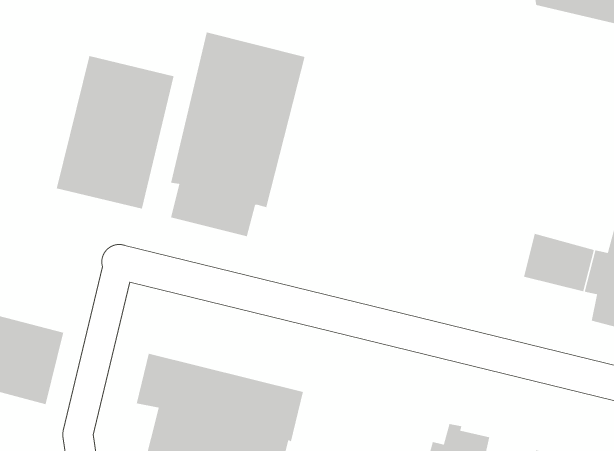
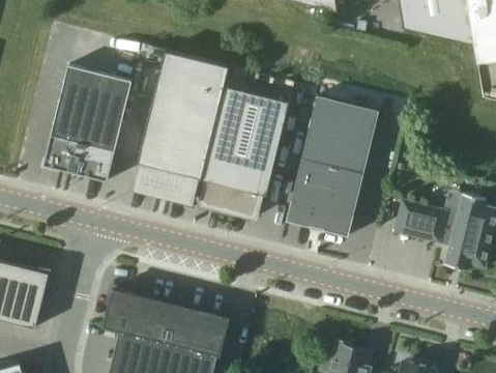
building: none -> [200,87,289,219]
building: none -> [286,95,379,236]

